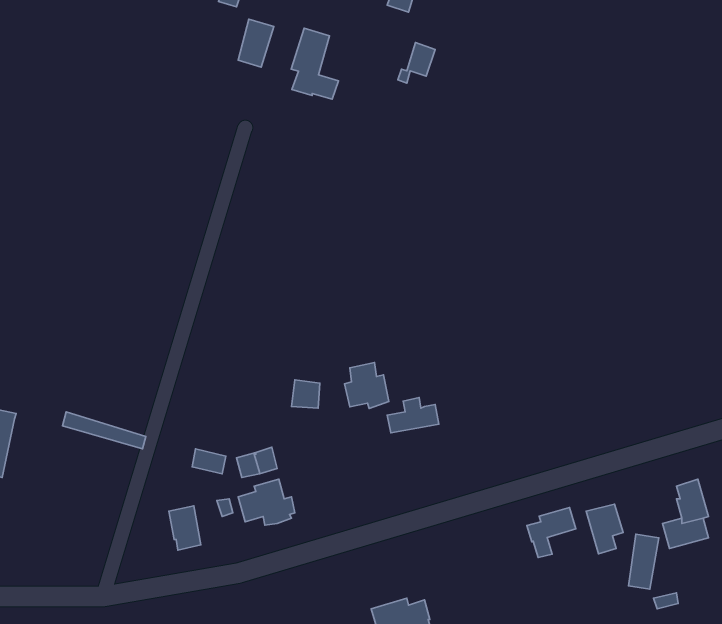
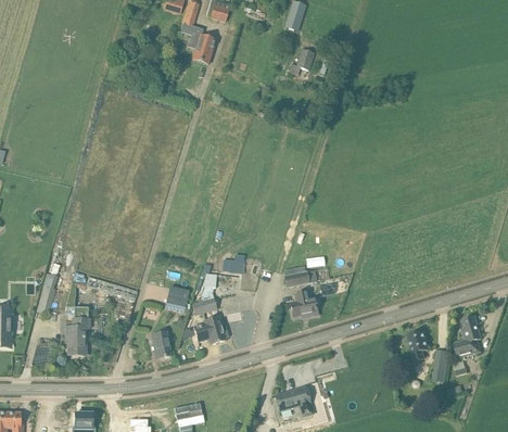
building: [291,28,339,99] -> none
building: [344,362,389,409] -> [290,289,317,317]
building: none -> [65,304,89,354]
building: [527,508,576,557] -> none

